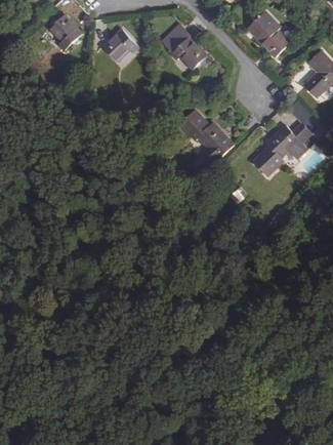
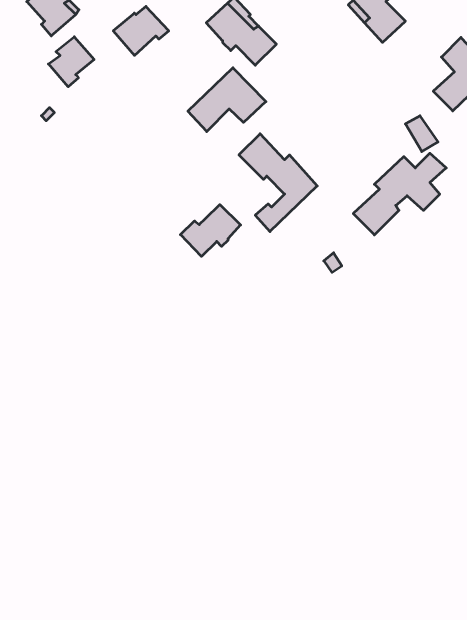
building: none -> [48,37,94,87]
building: none -> [188,68,266,132]
building: none -> [180,205,241,256]

